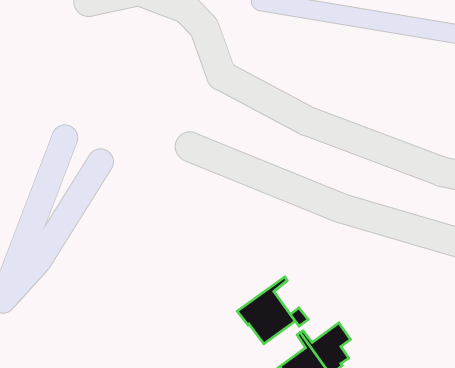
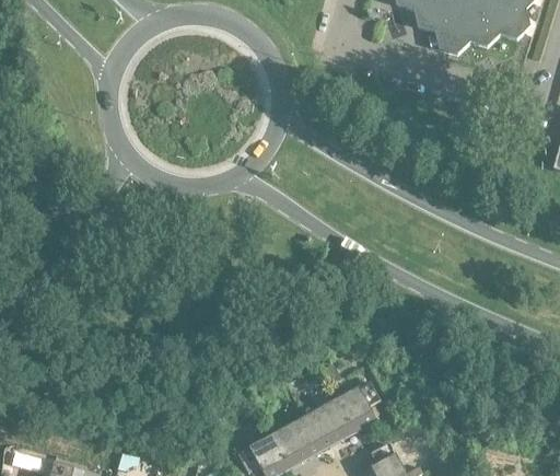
building: [237,277,295,344] -> none

